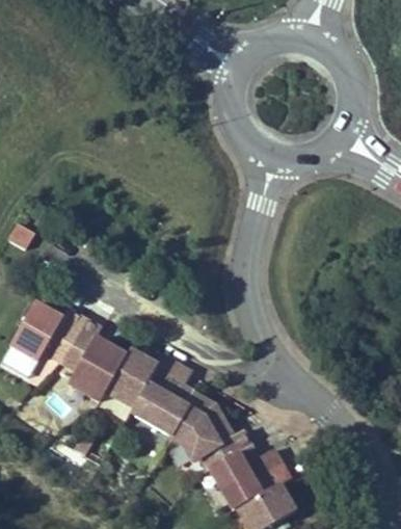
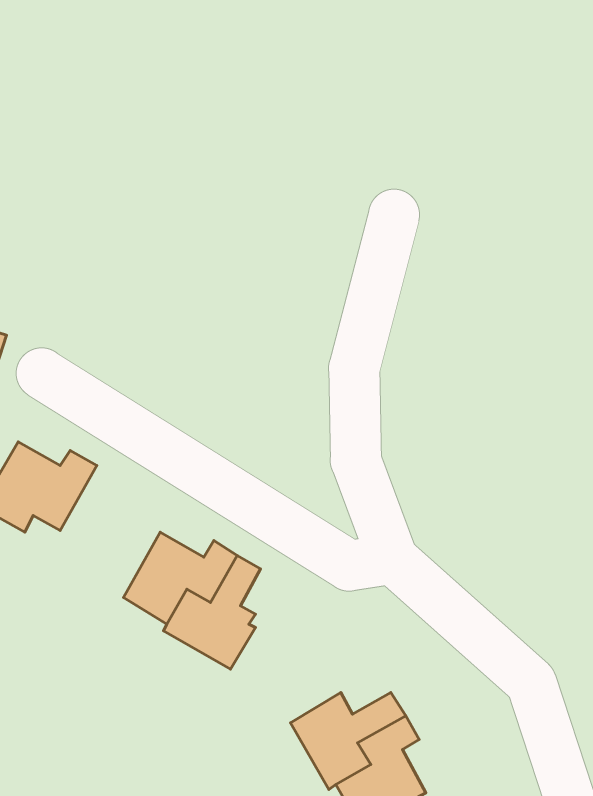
building: [66,312,129,394] -> none
building: [172,396,250,472] -> none

